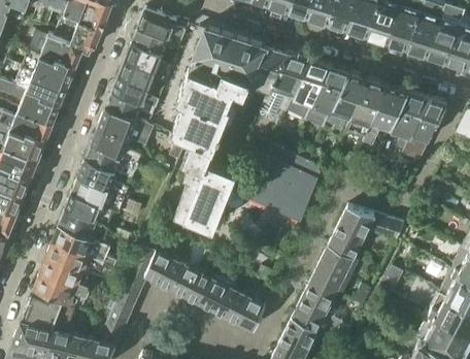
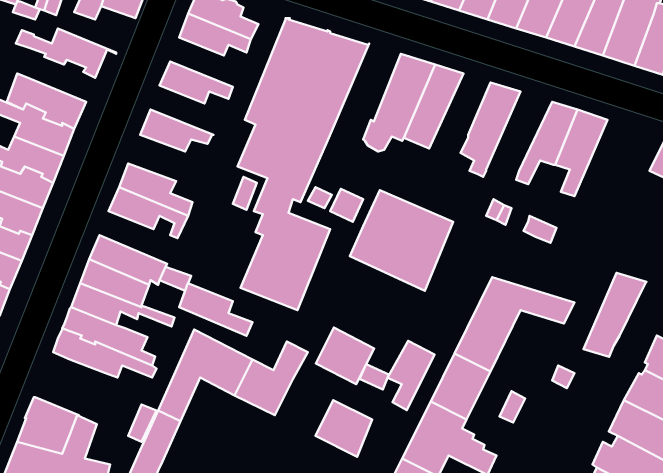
building: [54,21,102,53] -> none
building: [126,42,172,76] -> none
building: [241,46,284,101] -> none
building: [25,50,74,87] -> none
building: [304,67,346,127] -> none
building: [112,75,159,109] -> none
building: [343,79,389,140] -> none
building: [404,99,447,157] -> [584,273,647,357]
building: [97,109,153,148] -> none
building: [77,162,128,198] -> [179,283,252,336]
building: none -> [387,341,435,410]
building: [33,259,88,308] -> none
building: [198,278,238,317] -> [316,327,374,384]

